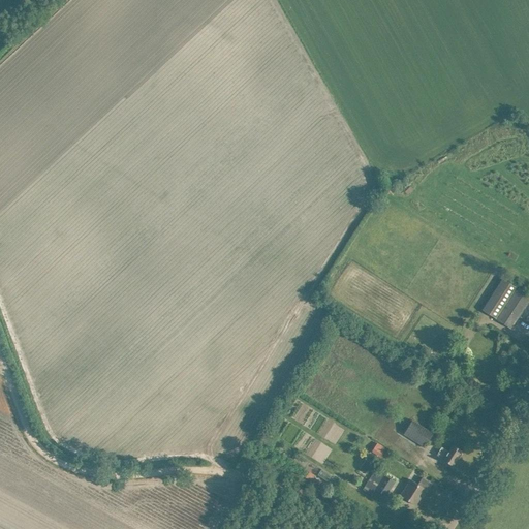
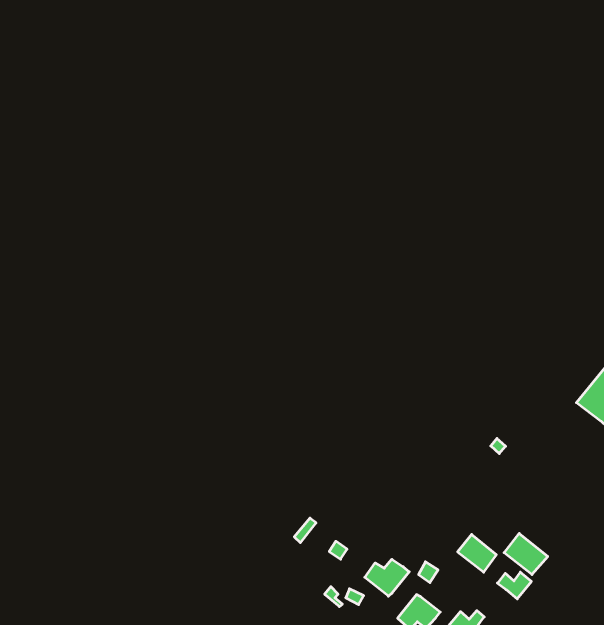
building: none -> [504,533,548,575]
building: none -> [365,559,409,596]

